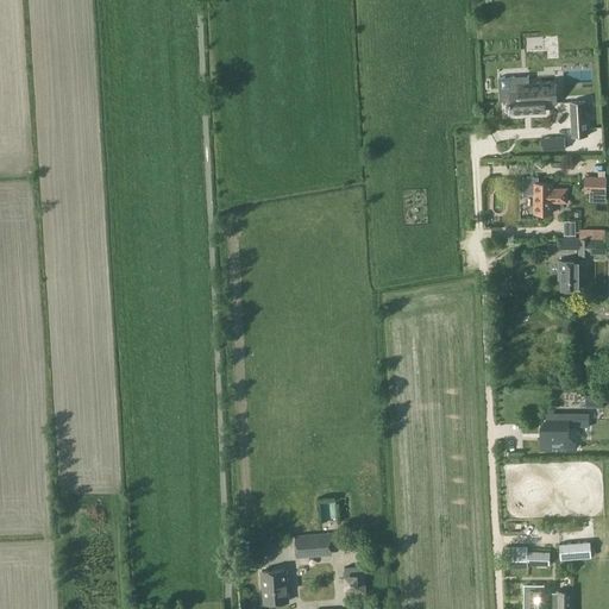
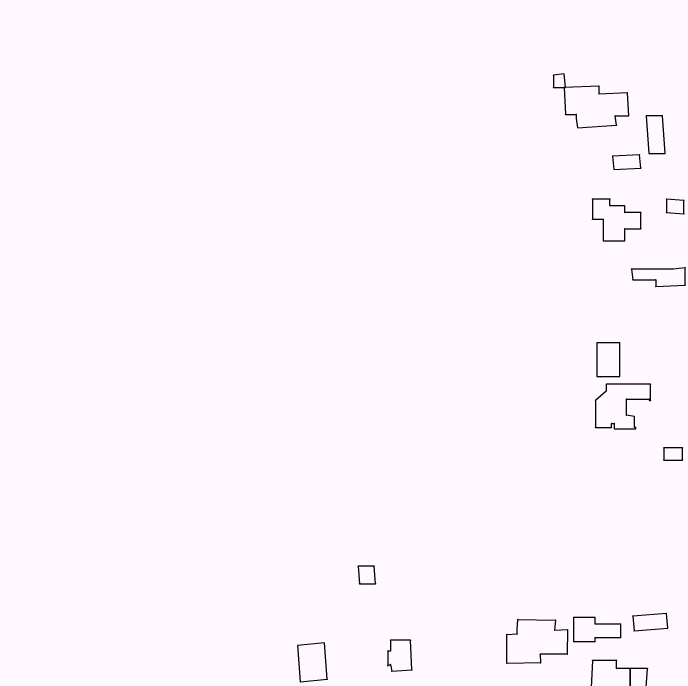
building: [559,262,579,291] -> [597,343,620,376]
building: [540,414,589,453] -> [595,384,651,429]
building: [296,535,332,558] -> none
building: none -> [507,619,567,663]

